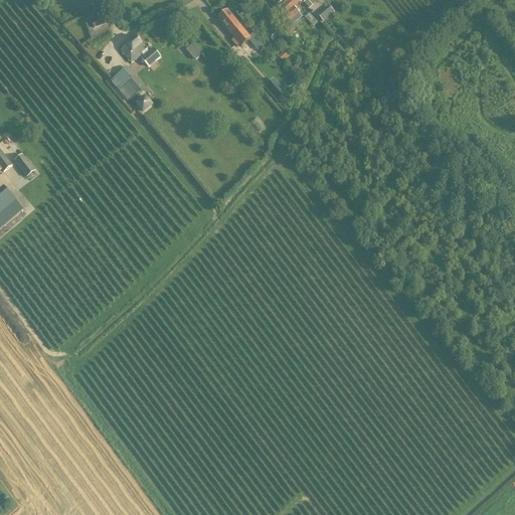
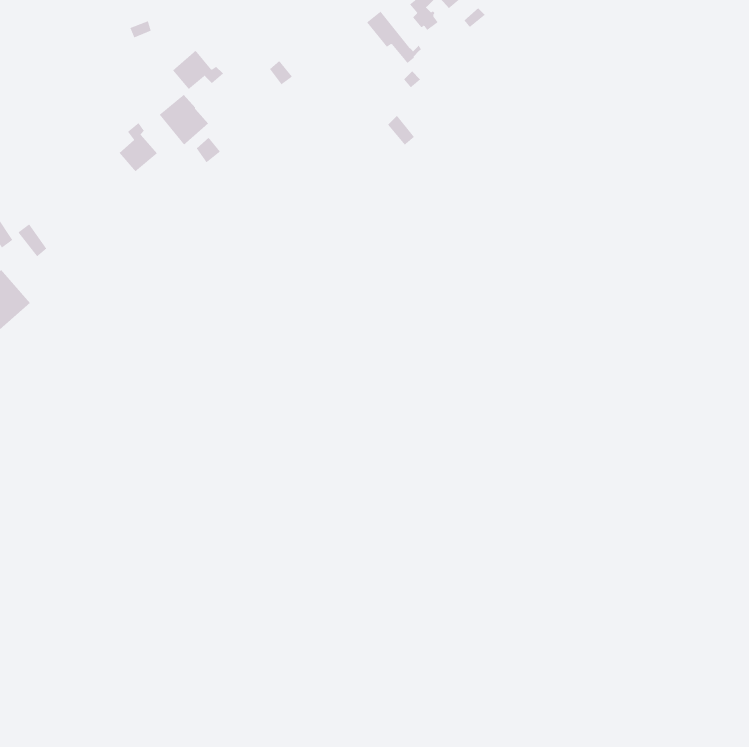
building: [215,8,253,44] -> [366,11,422,64]
building: none -> [119,122,158,172]

